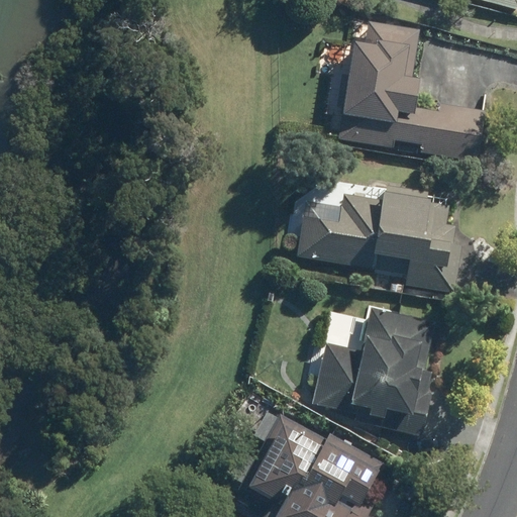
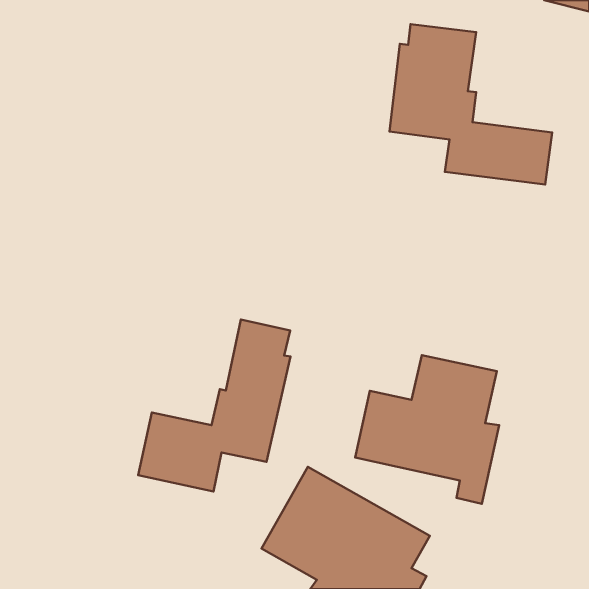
building: [296,188,462,291] -> none
building: none -> [138,319,290,492]

